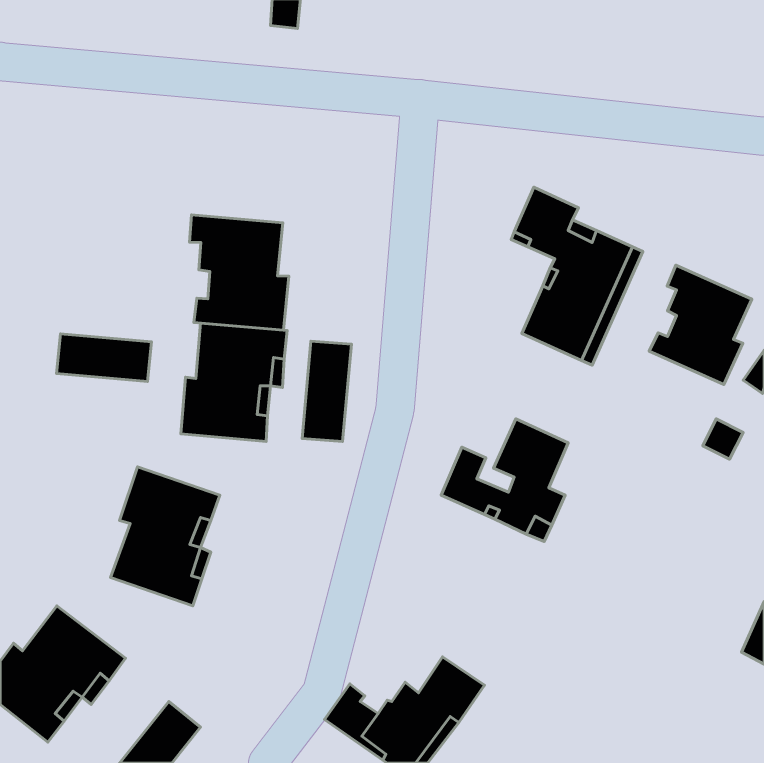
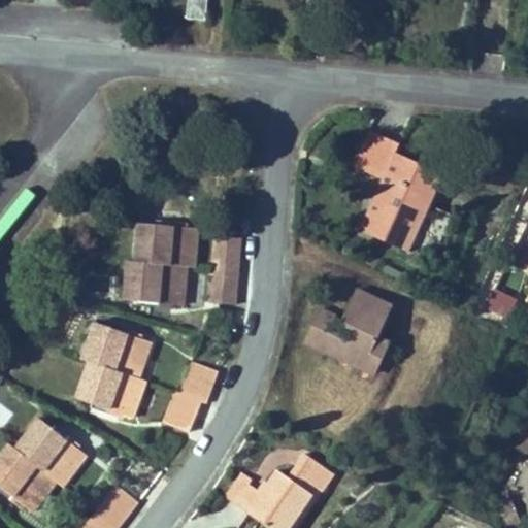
building: [190,215,289,330] -> none
building: [649,265,752,385] -> none
building: [56,334,152,382] -> none
building: none -> [163,361,219,432]

